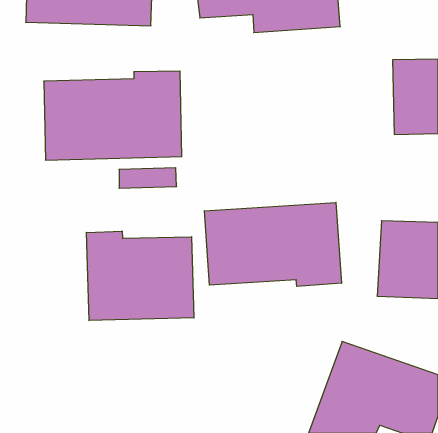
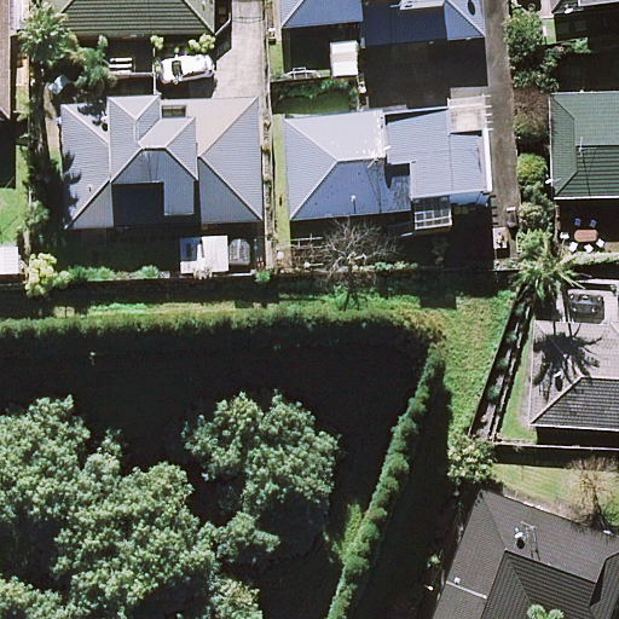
building: none -> [283,115,482,231]
building: [205,202,341,286] -> none
building: [86,231,194,321] -> none

